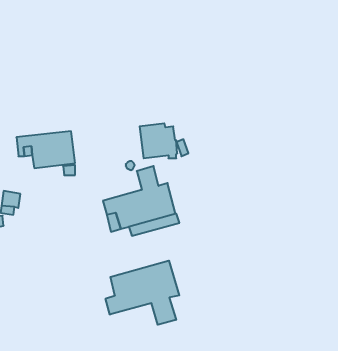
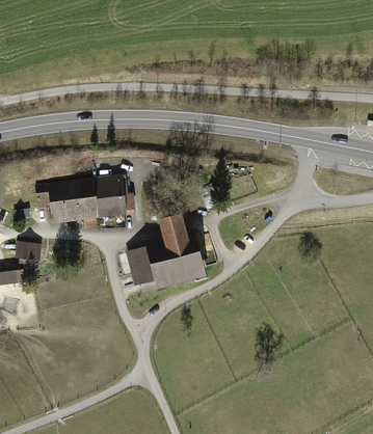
building: [140,123,177,158] -> [92,177,132,213]
building: [106,261,179,325] -> none

